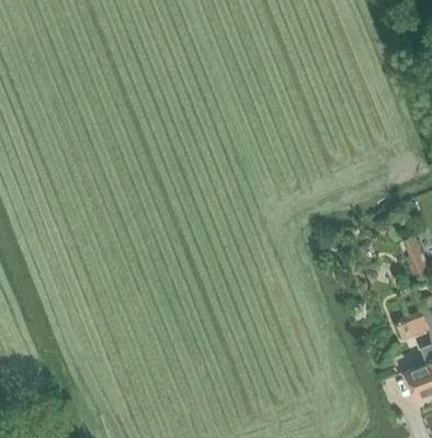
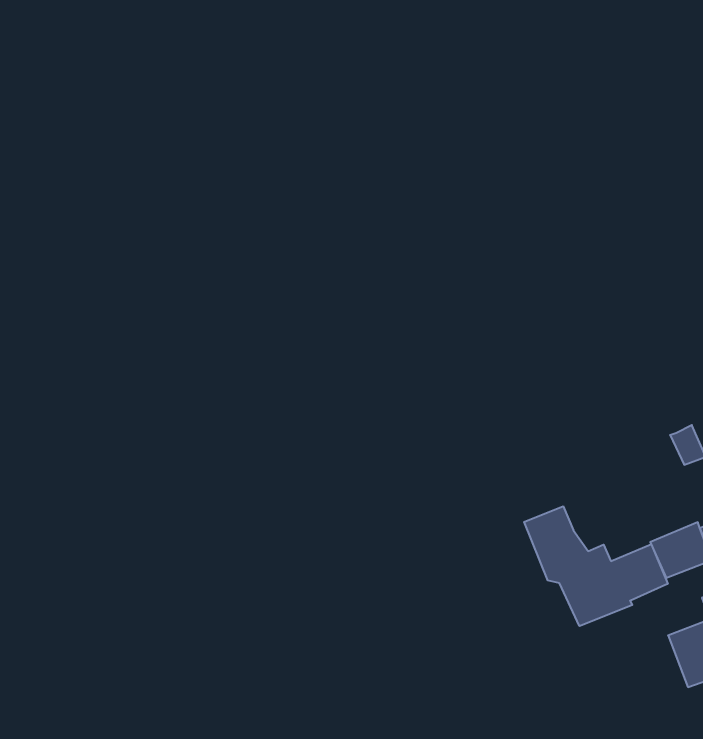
building: none -> [524,506,668,626]

